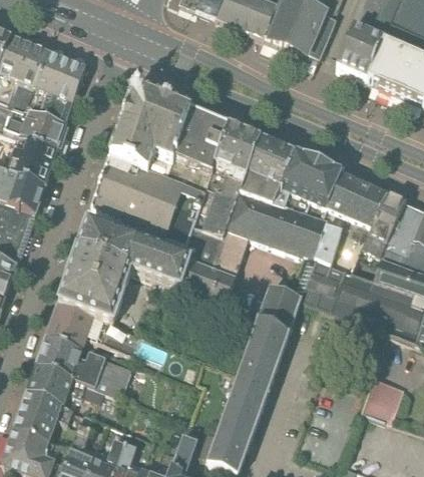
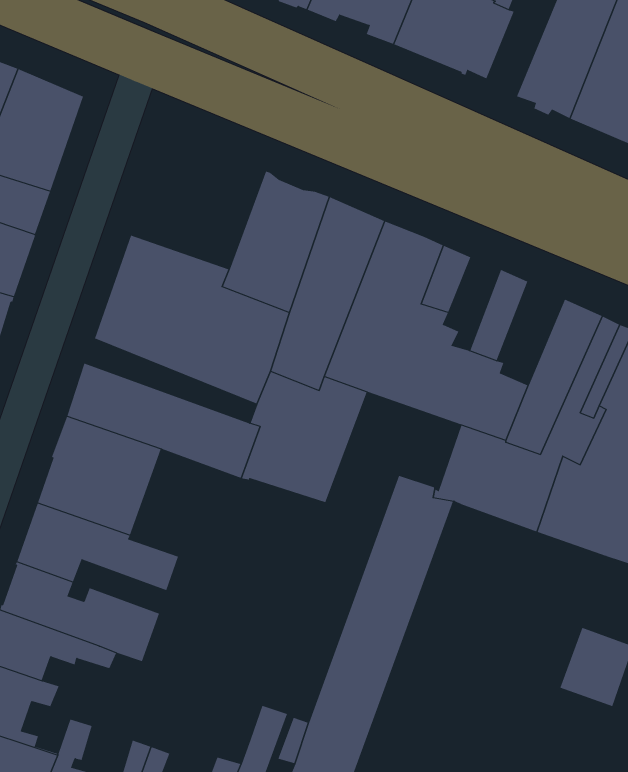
building: [113,85,191,163] -> none
building: [295,156,328,210] -> none
building: [326,170,365,230] -> none

